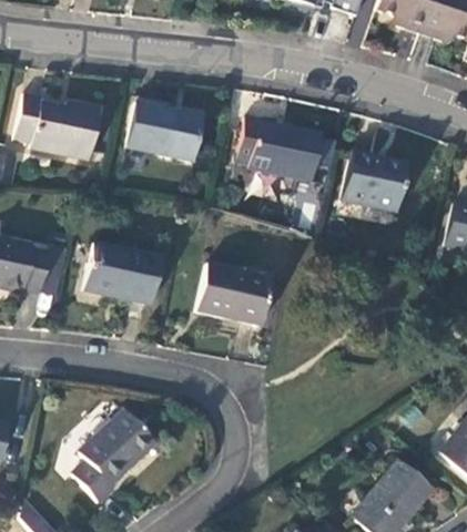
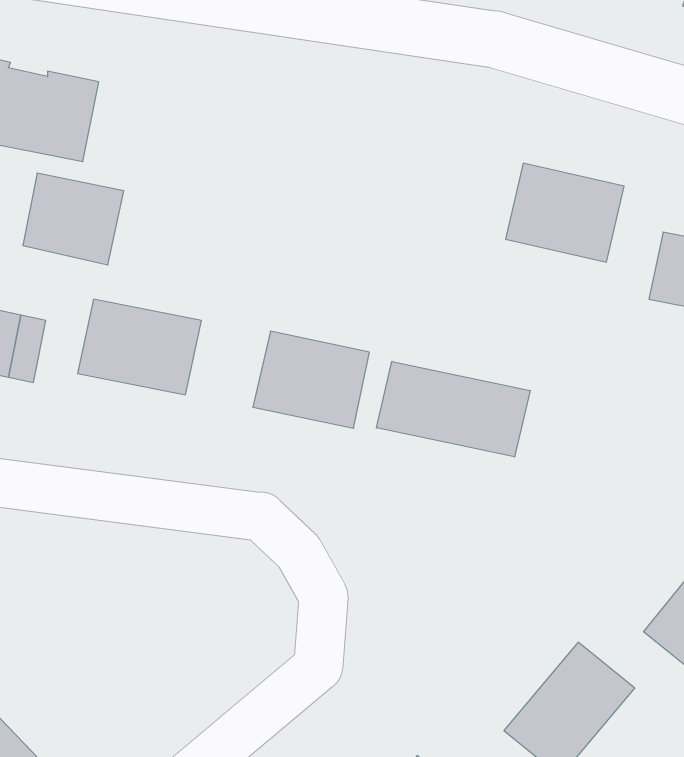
building: [129,102,192,160] -> [23,173,124,265]
building: [235,112,321,181] -> none
building: none -> [376,361,530,457]
building: [74,408,160,502] -> none

